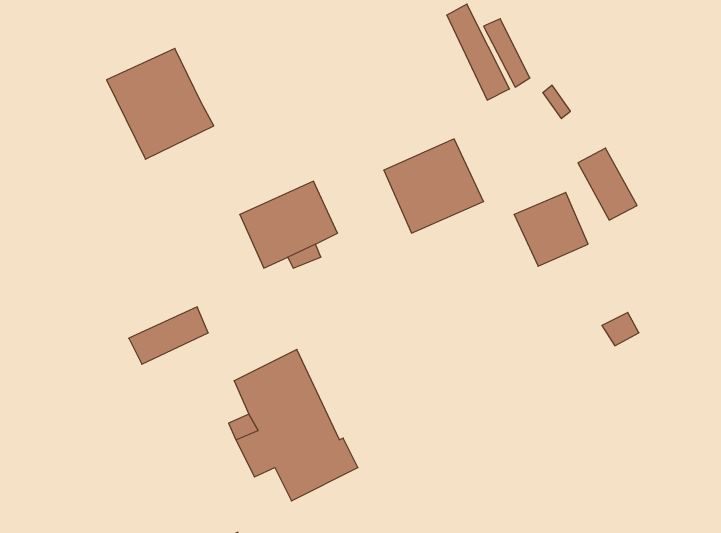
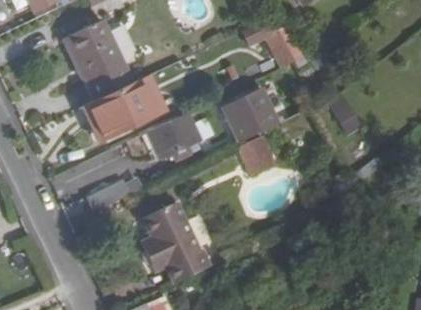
building: none -> [64,21,111,58]
building: none -> [85,80,157,142]
building: [514,192,588,266] -> [238,136,278,176]

